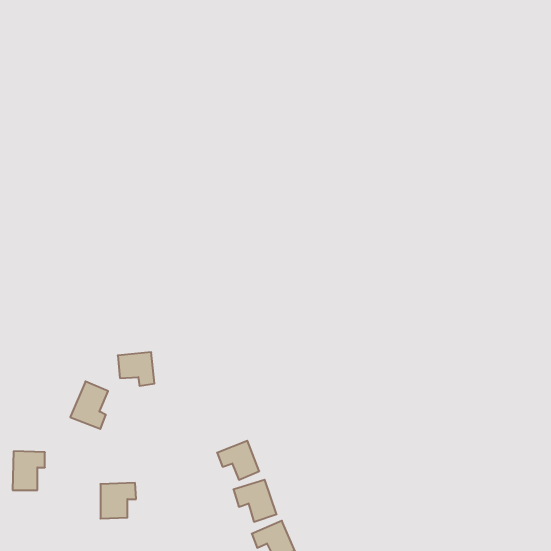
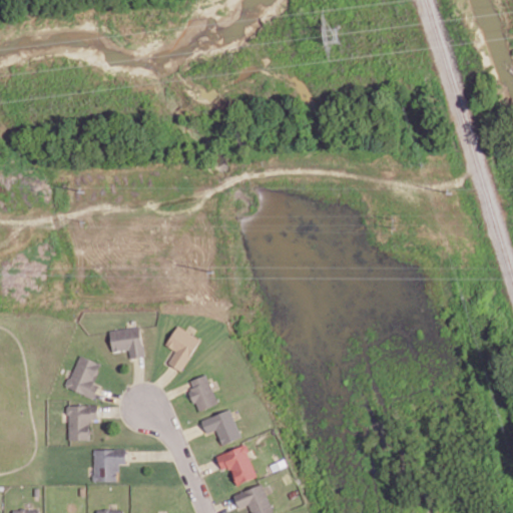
building: none -> [165,326,200,372]
building: none -> [188,375,217,412]
building: [13,451,45,490] -> [67,405,97,441]

